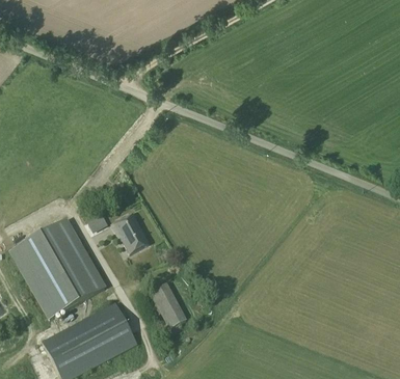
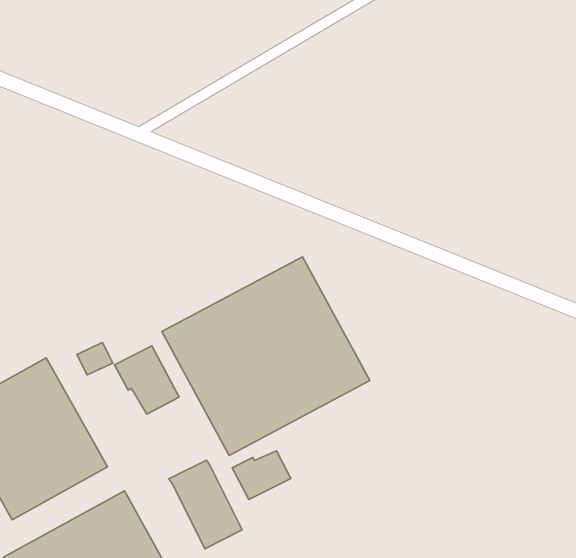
building: none -> [162,257,370,455]
building: none -> [232,451,291,500]

